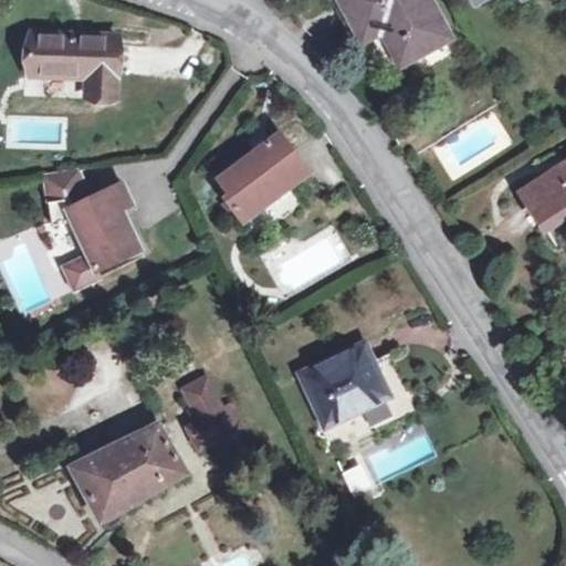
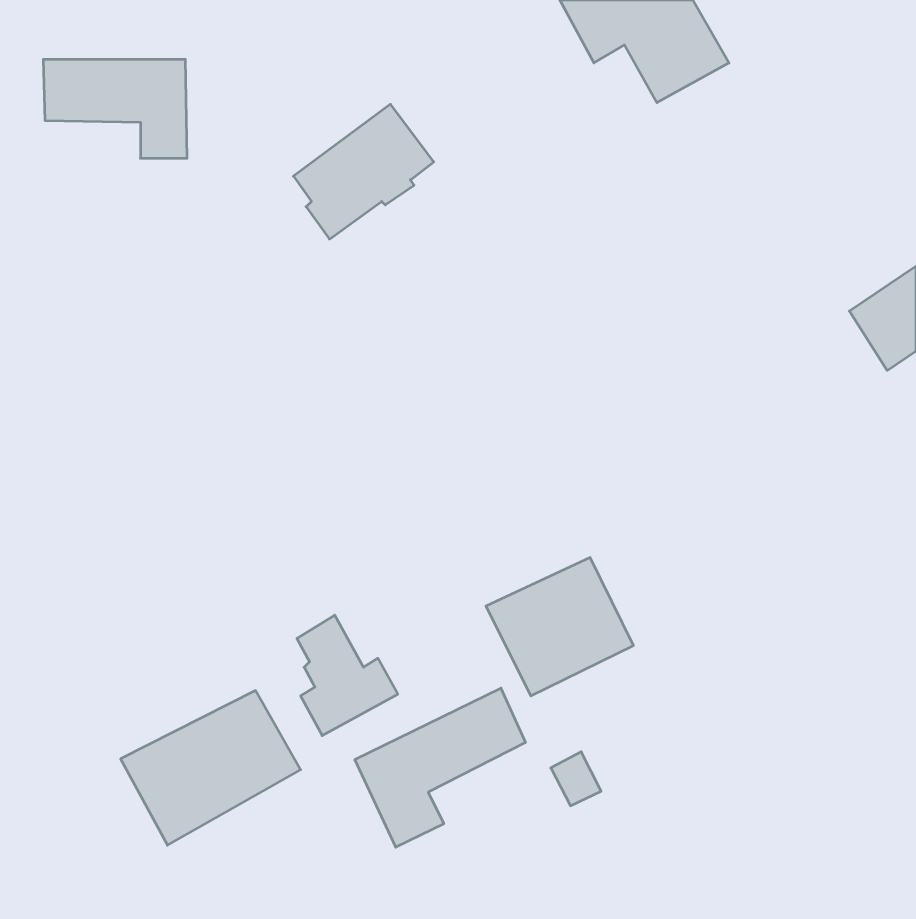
building: [219,134,305,217] -> [293,104,434,239]
building: [44,171,140,292] -> none
building: none -> [355,688,525,847]

